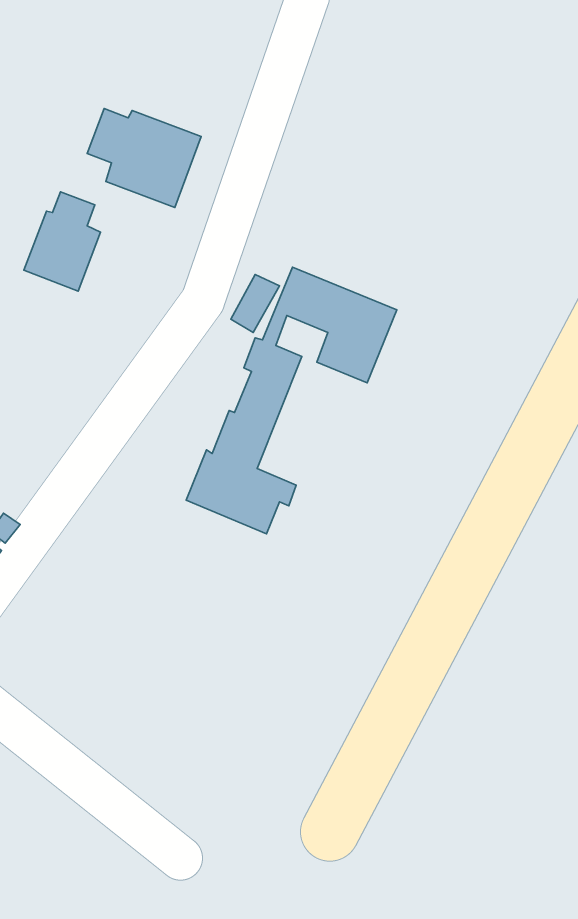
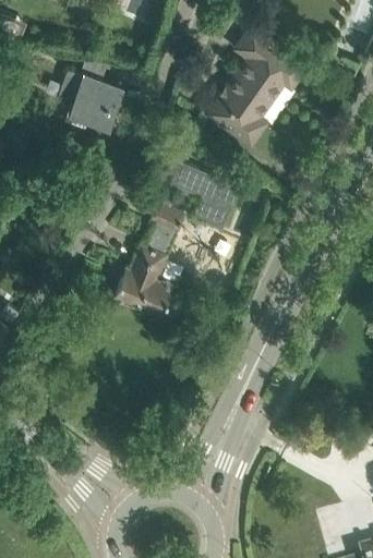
building: none -> [208,26,308,144]
building: [24,192,101,291] -> none

